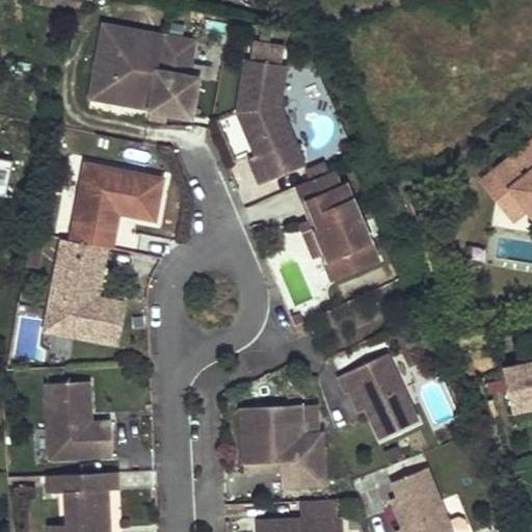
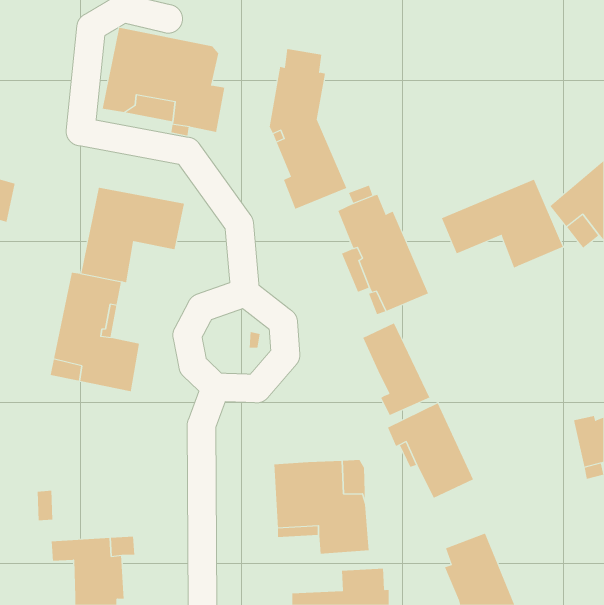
building: none -> [441,179,563,268]
building: none -> [363,323,430,416]
building: [46,380,112,458] -> none

